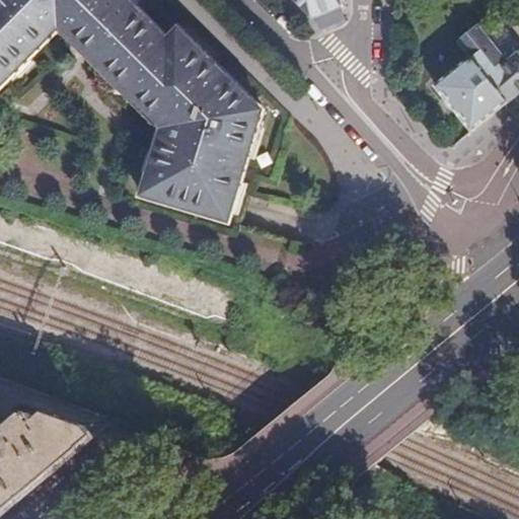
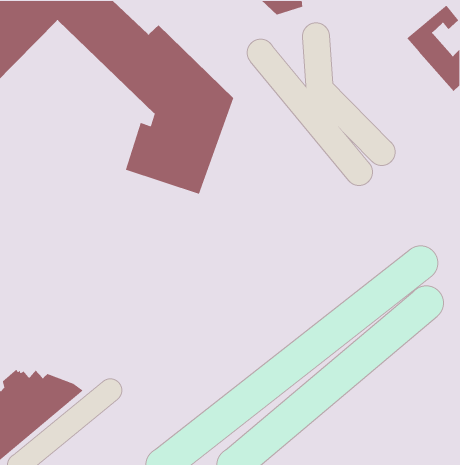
building: [431,58,505,133] -> none

